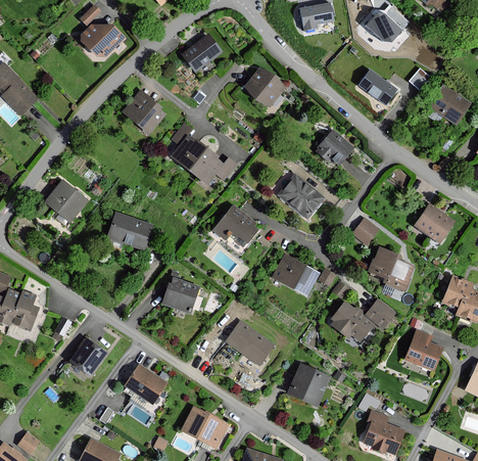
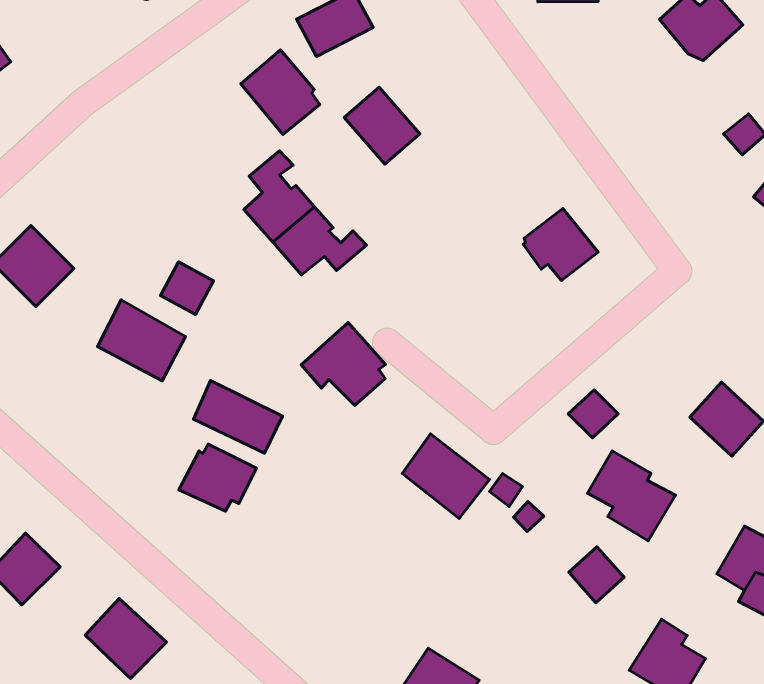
building: [244,67,284,106] -> [344,87,420,164]
building: [355,67,398,106] -> none
building: [123,90,164,133] -> [241,50,320,135]
building: [278,174,324,219] -> none
building: none -> [161,262,214,314]
building: none -> [194,380,283,453]
building: [330,302,374,341] -> none
building: [226,321,273,364] -> none

